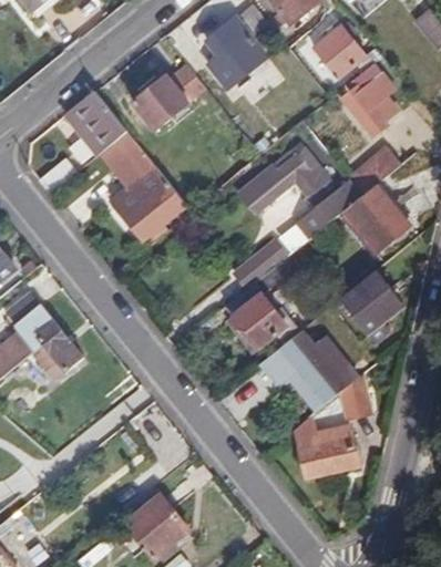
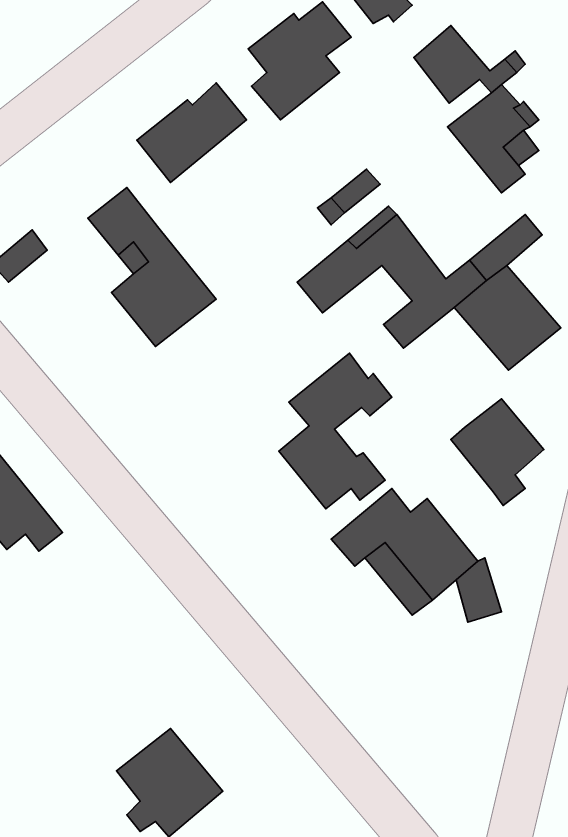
building: [65,92,125,156] -> none
building: [295,414,361,478] -> none

